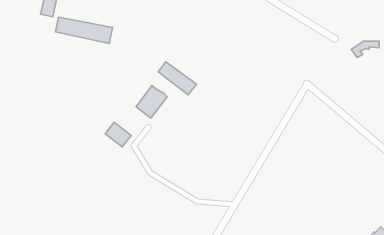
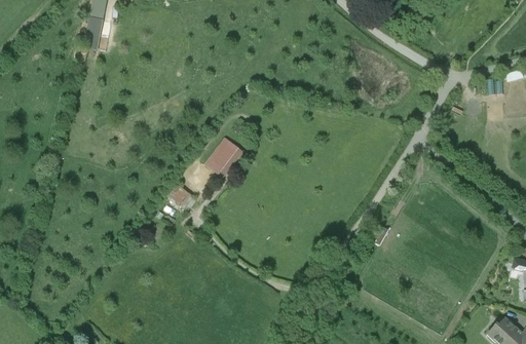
building: [56,17,113,43] -> none
building: [158,62,196,95] -> none

